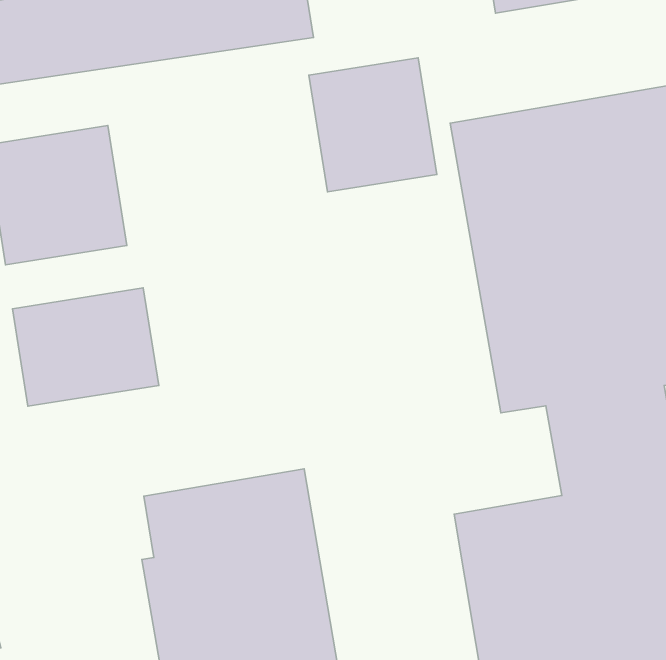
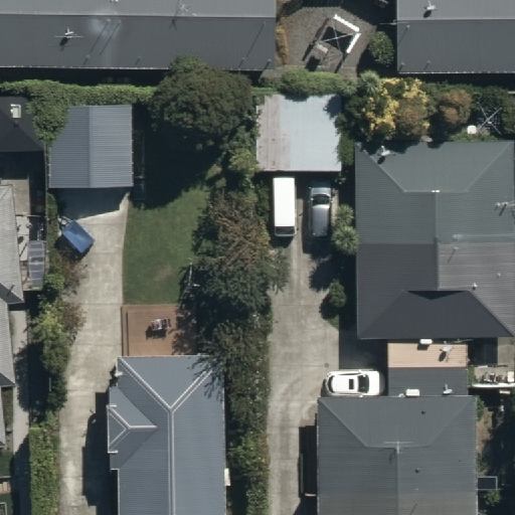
building: [12,288,159,406] -> none

